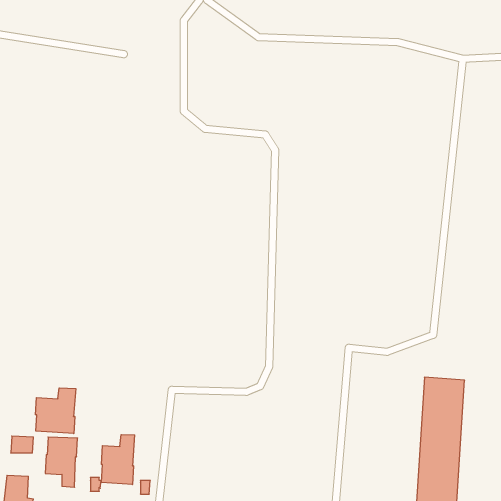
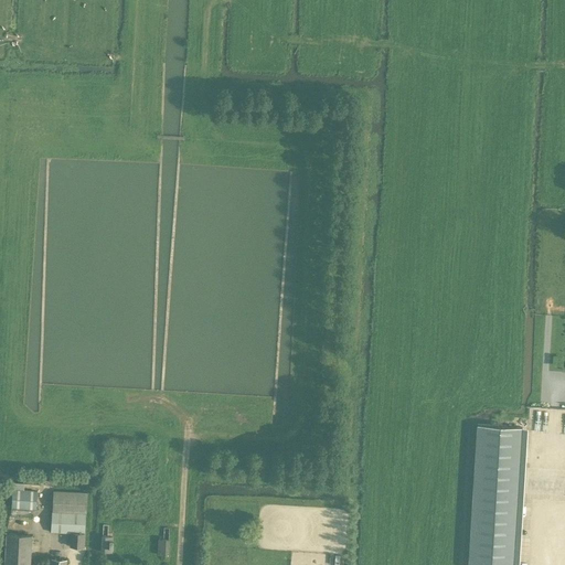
building: [35,388,76,434] -> none
building: [101,435,135,485] -> none

